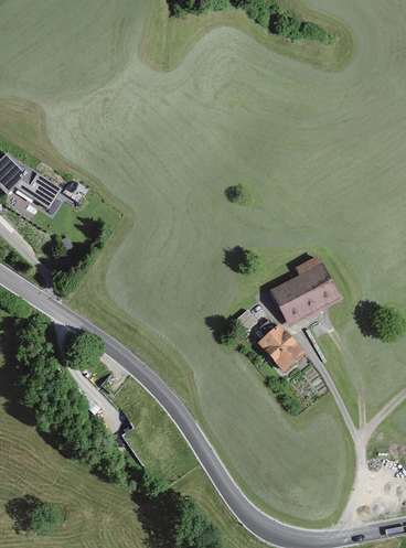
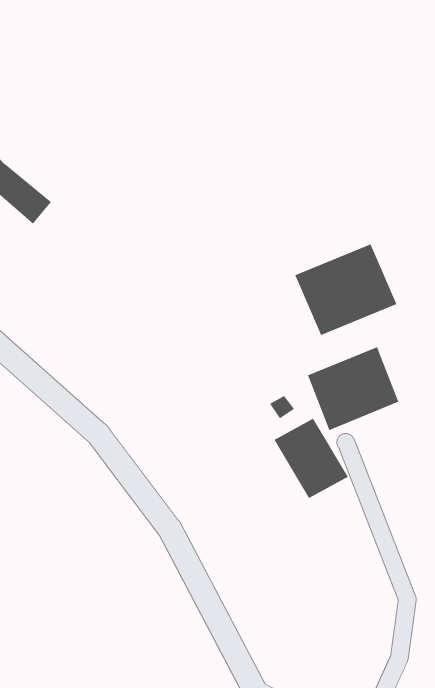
building: none -> [295,244,397,336]

